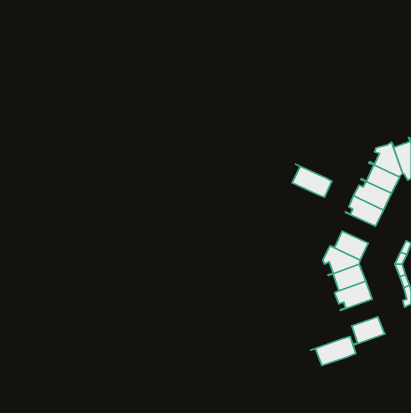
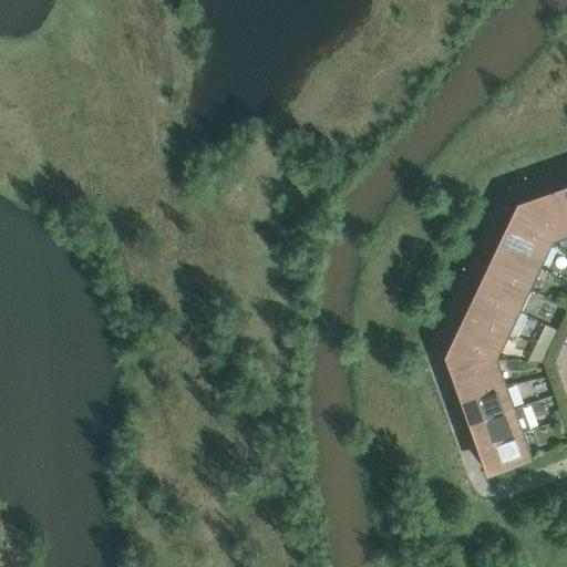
building: [292,164,332,197] -> [468,291,523,337]
building: [311,337,356,366] -> [466,406,528,446]

